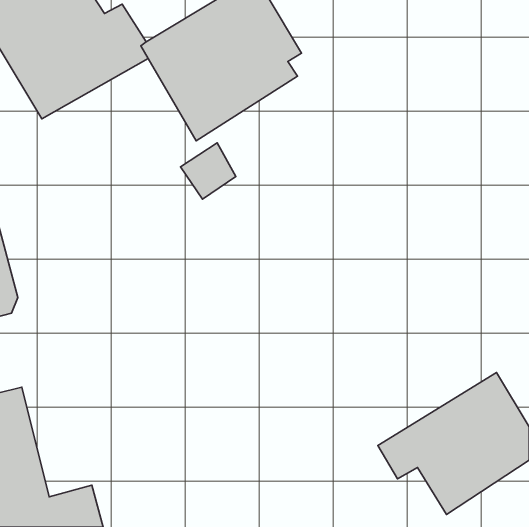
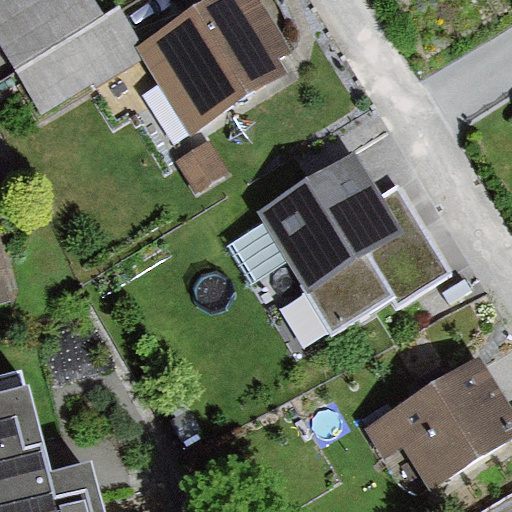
building: none -> [254,151,449,338]

